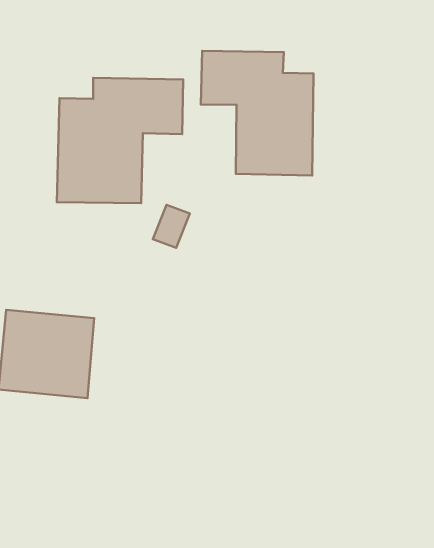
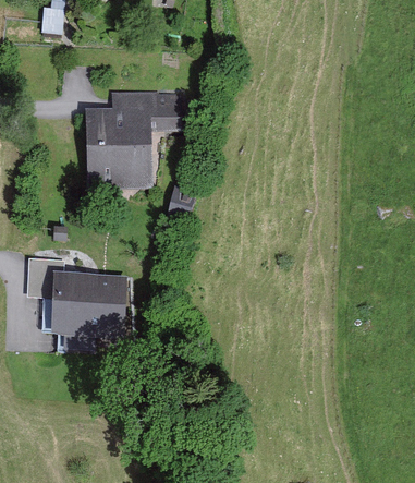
building: [201,51,314,175] -> none

